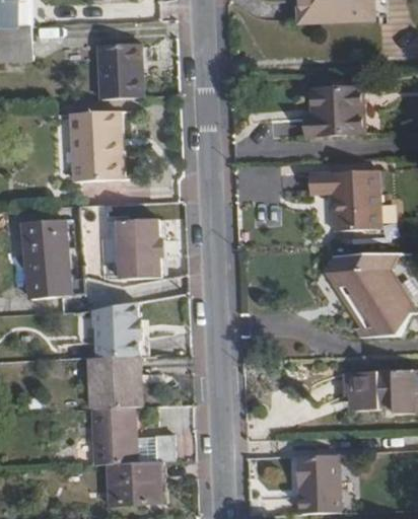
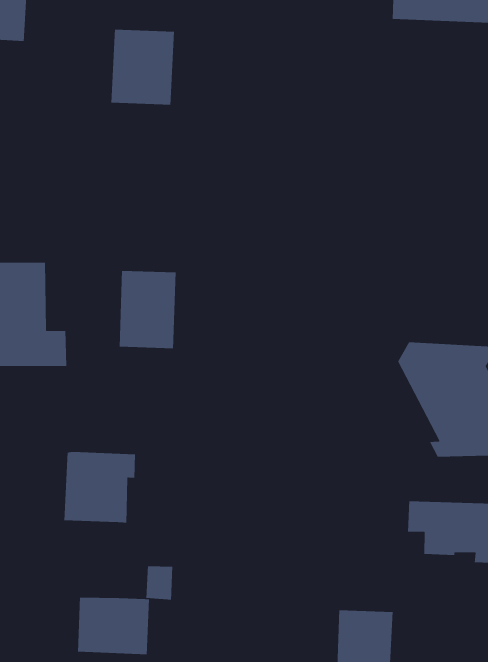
building: [305,86,363,136] -> none
building: [71,110,123,181] -> none
building: [308,169,382,230] -> none
building: [91,301,144,357] -> none
building: [91,406,137,463] -> none

